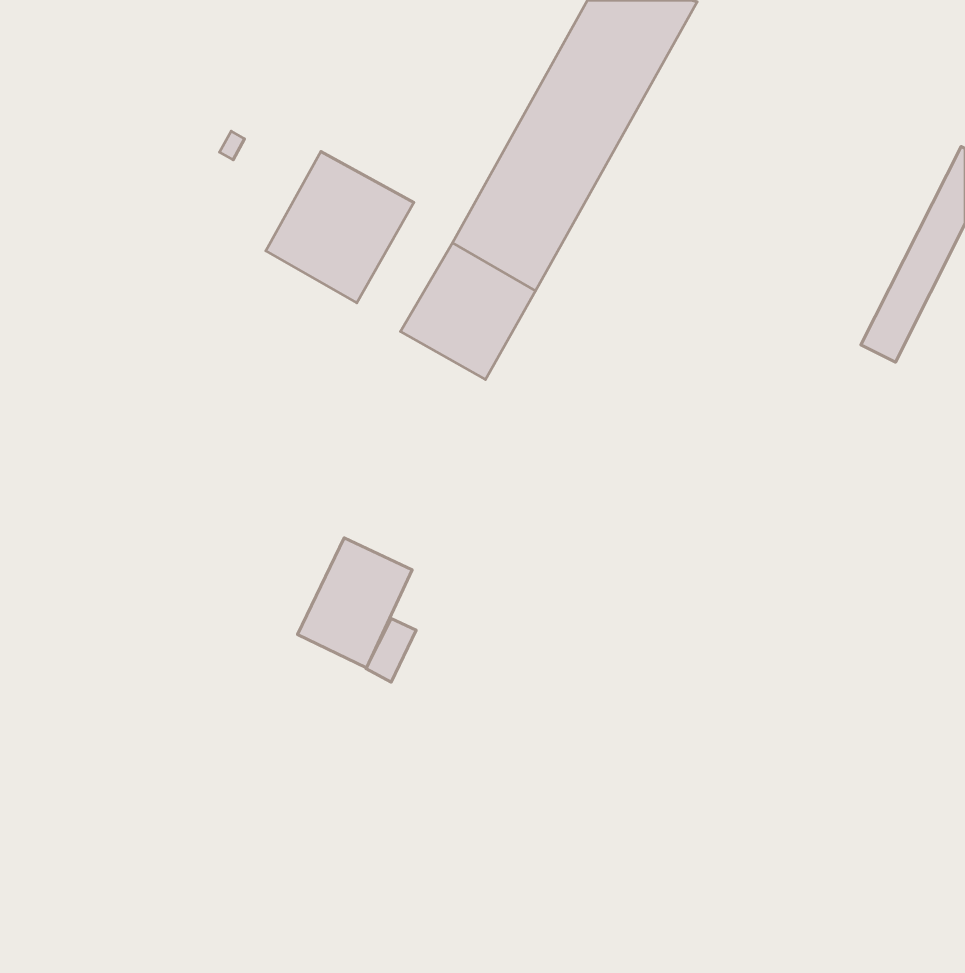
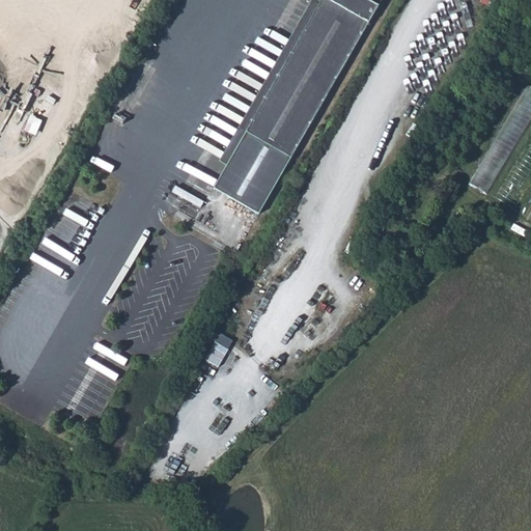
building: [266,152,414,303] -> none
building: [297,538,412,668] -> none

